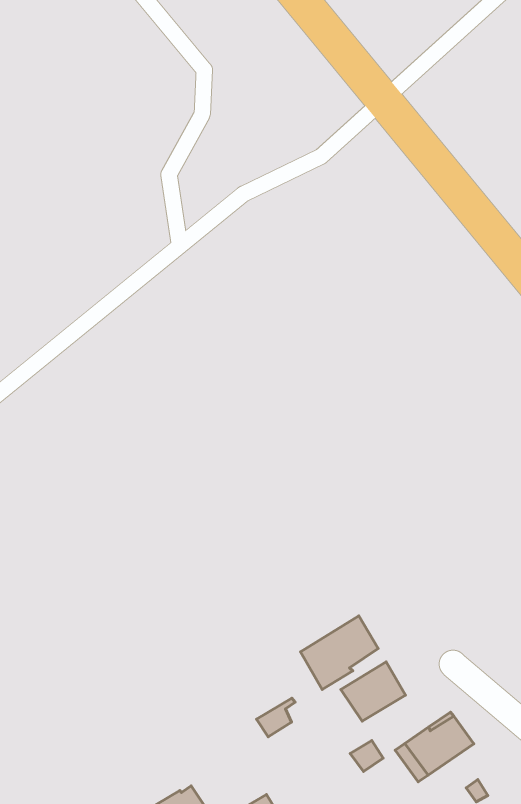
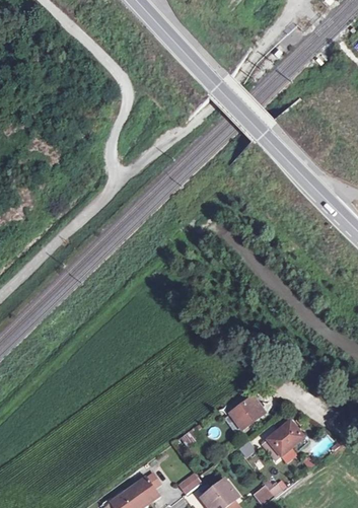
building: [301,616,378,690] -> none

